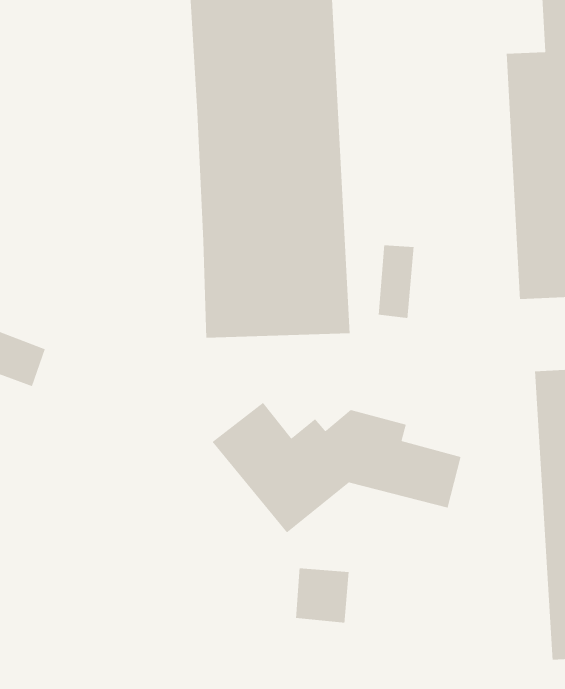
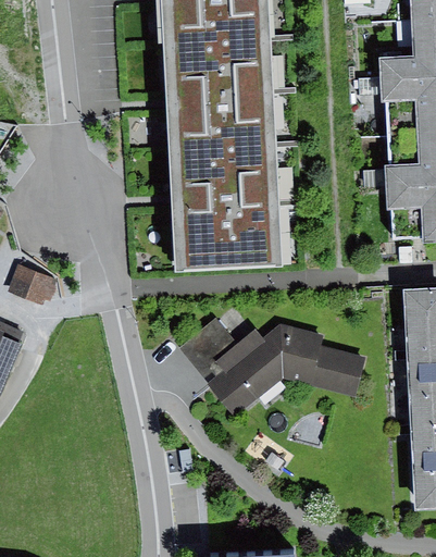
building: [378,245,414,319] -> none
building: [295,568,350,624] -> none

